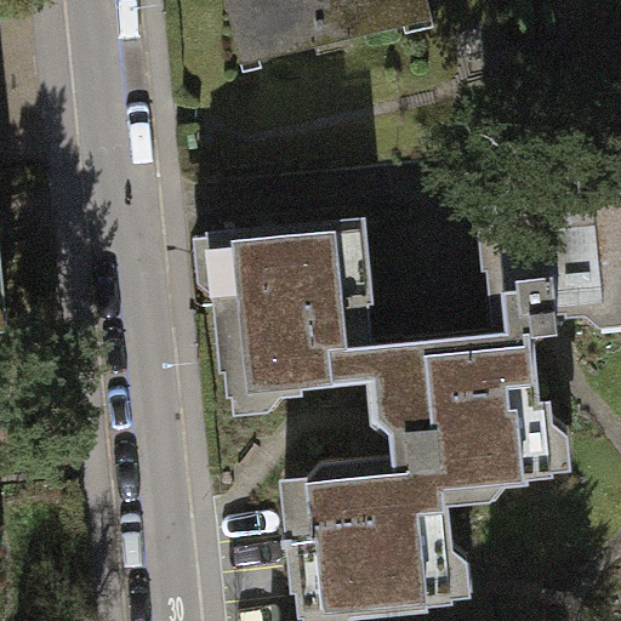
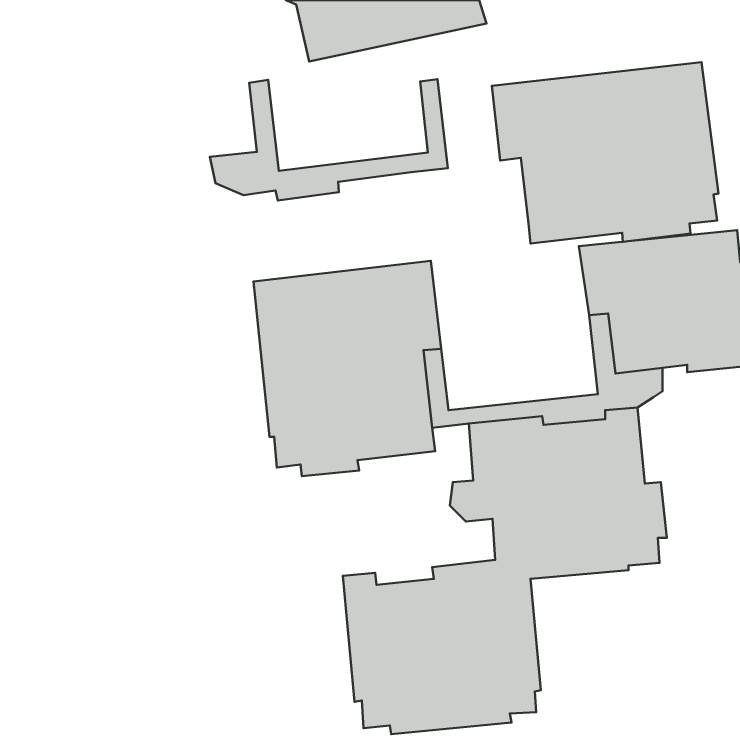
building: none -> [492,62,719,243]
building: none -> [210,79,448,200]

